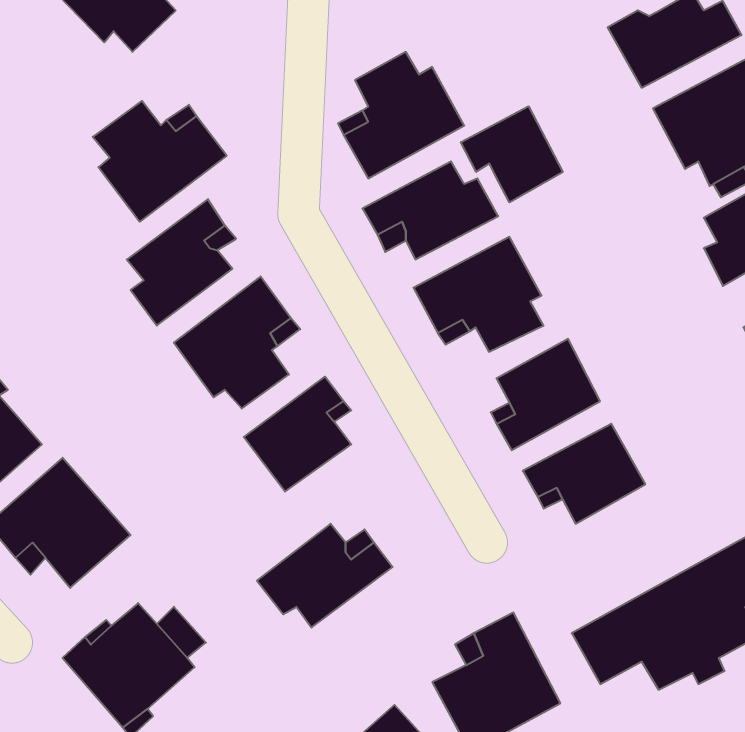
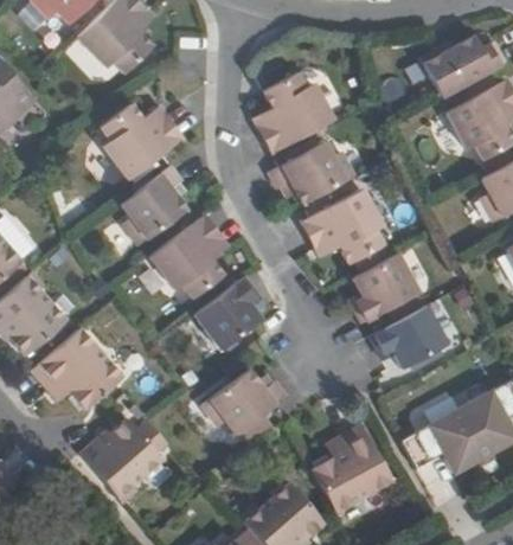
building: [461,106,563,202] -> none

